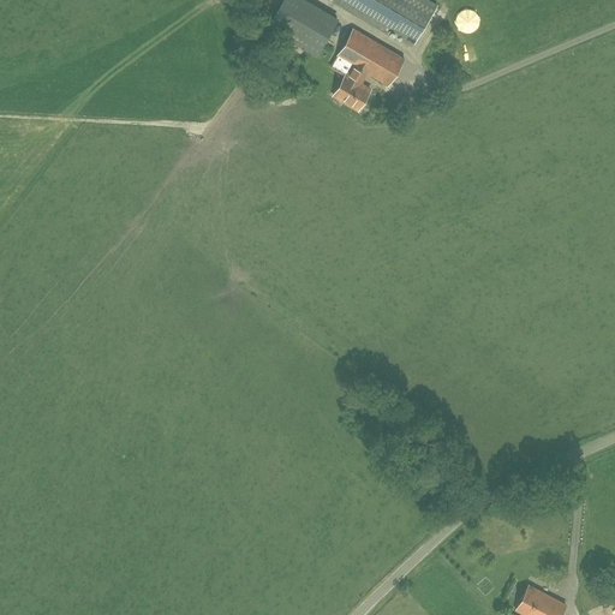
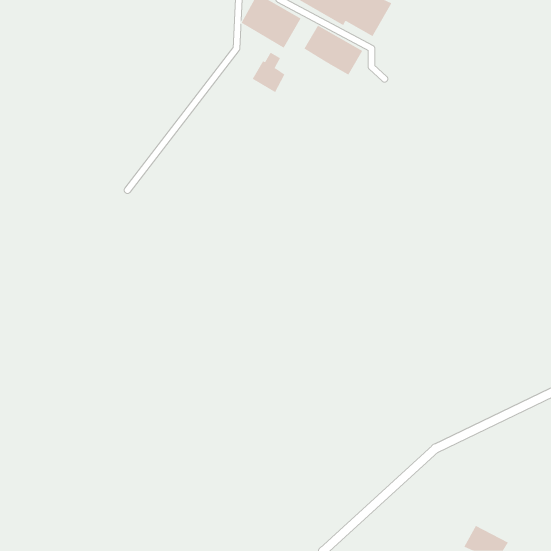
building: [334,64,371,109] -> [252,52,285,93]

